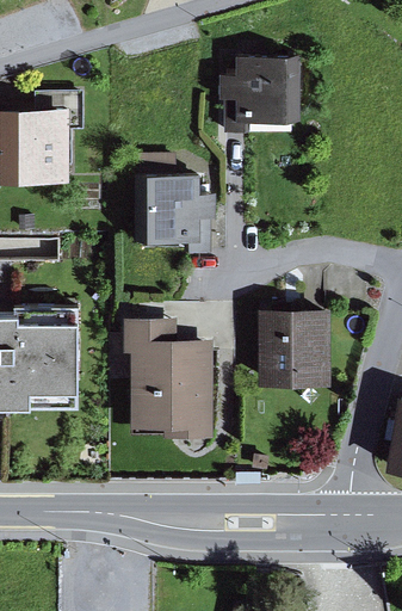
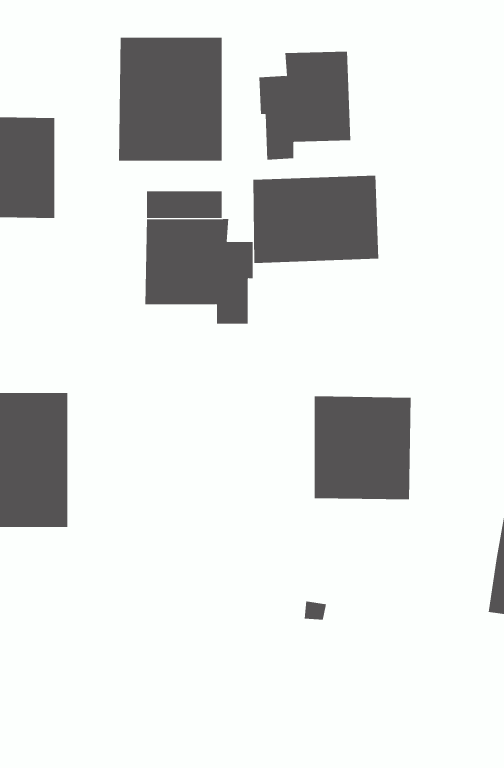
building: none -> [118,37,222,162]
building: none -> [253,175,379,264]
building: [122,323,214,442] -> none

